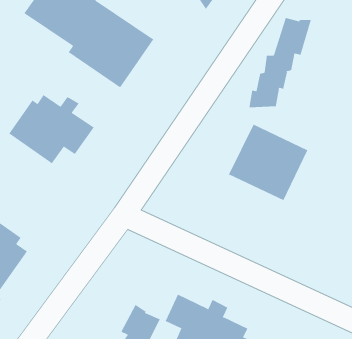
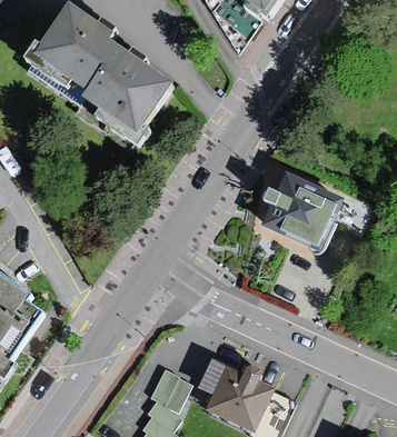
building: [249,17,311,108] -> none
building: [9,94,94,164] -> none

